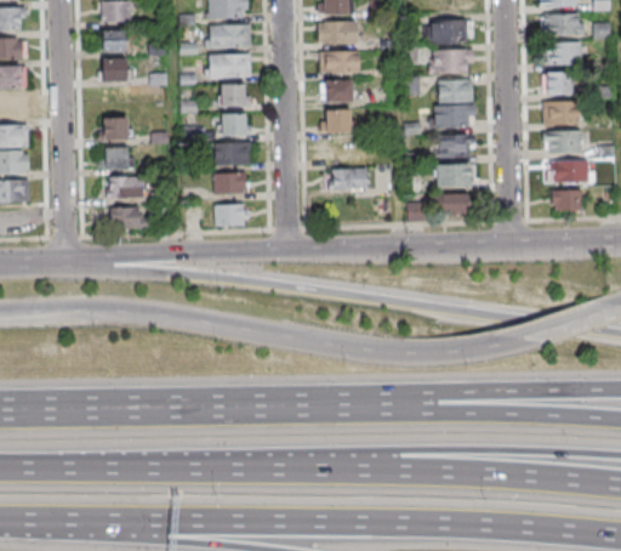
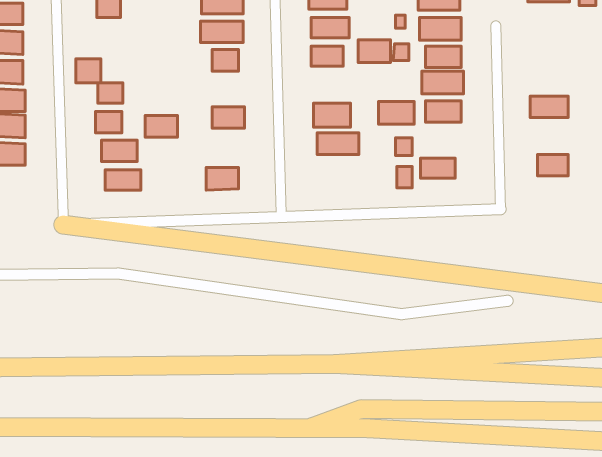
building: [542,44,582,66] -> none
building: [101,57,126,81] -> [76,59,101,83]
building: [542,73,572,96] -> none
building: [542,102,580,125] -> none
building: [320,109,353,132] -> [358,40,390,62]
building: [221,113,247,135] -> none
building: [546,160,592,183] -> none
building: [435,165,472,188] -> [378,101,414,124]
building: [213,172,246,194] -> [145,116,177,137]

